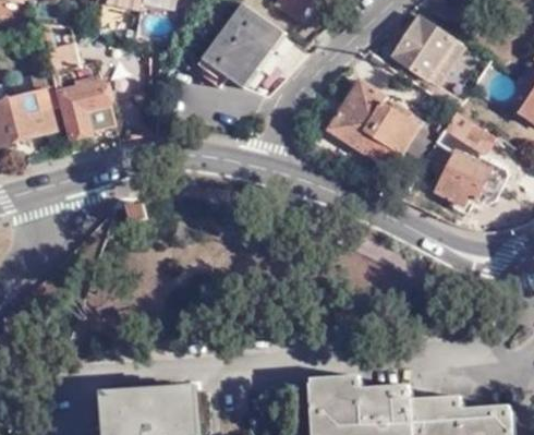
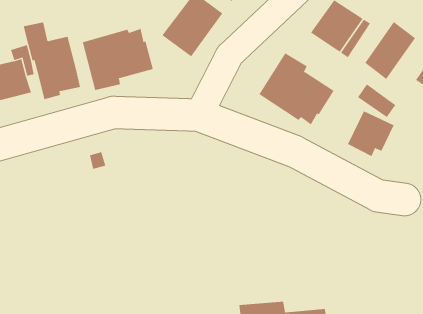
building: none -> [365,21,416,80]
building: none -> [82,28,153,91]

